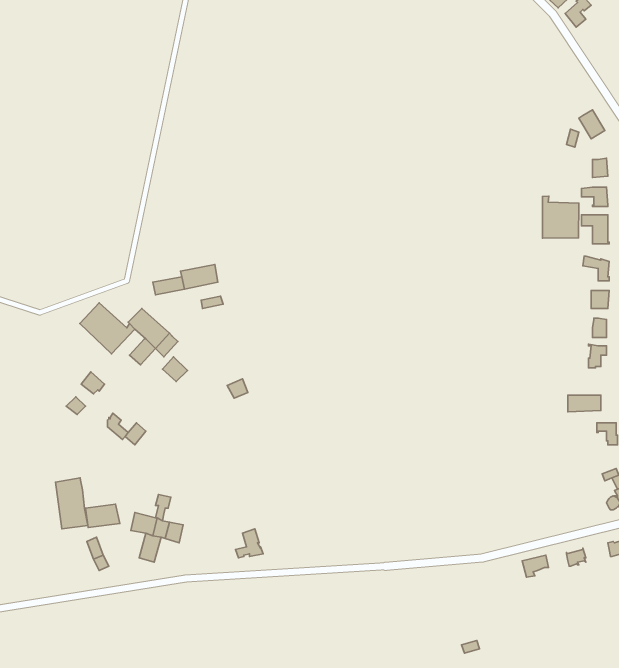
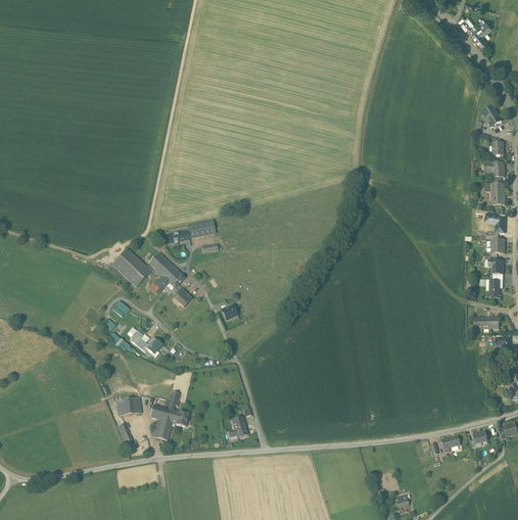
building: [542,196,579,238] -> none
building: [56,478,88,529] -> none

